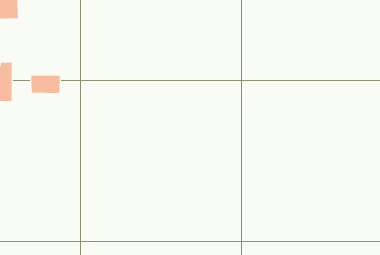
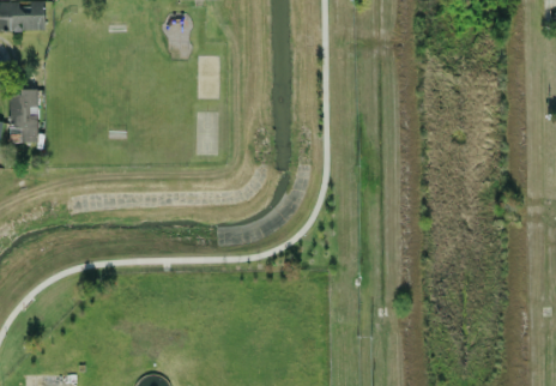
building: [31,75,60,94] -> none

